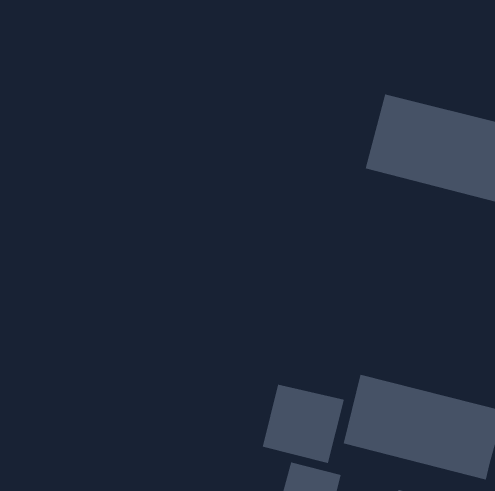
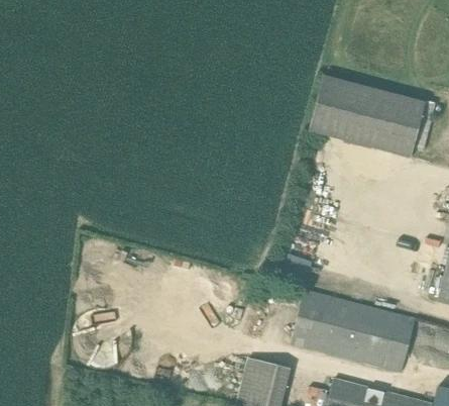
building: [262,384,344,464] -> none

